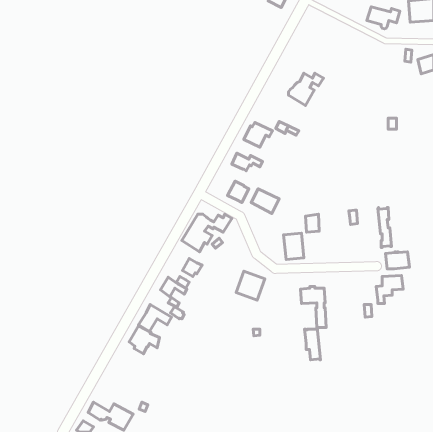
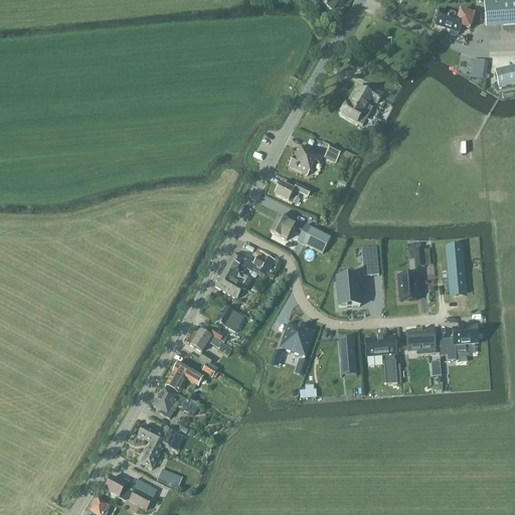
building: none -> [399,274,418,300]
building: [386,252,409,269] -> [407,329,436,349]
building: [305,327,321,360] -> [339,336,358,374]
building: none -> [138,424,179,468]

